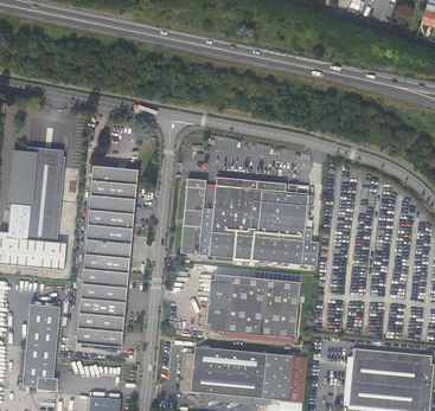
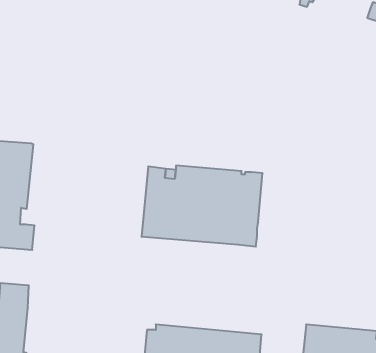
building: [76,165,136,349] -> none
building: [210,275,300,338] -> none

